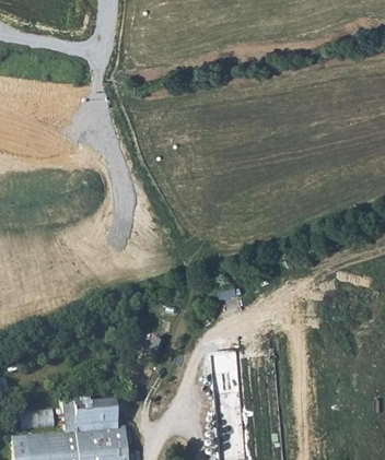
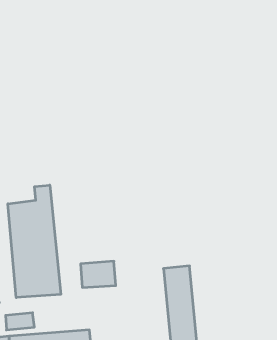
building: none -> [8,185,61,298]
building: [70,399,113,430] -> [81,261,116,287]

